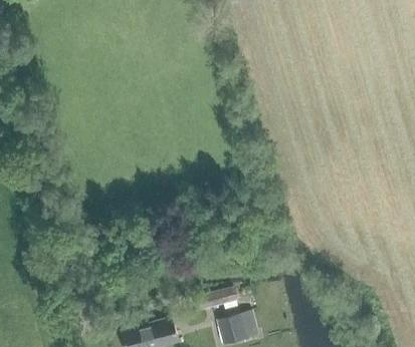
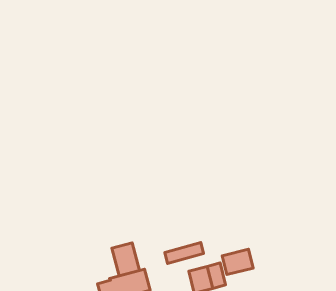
building: none -> [112,243,139,276]
building: none -> [222,249,253,275]

